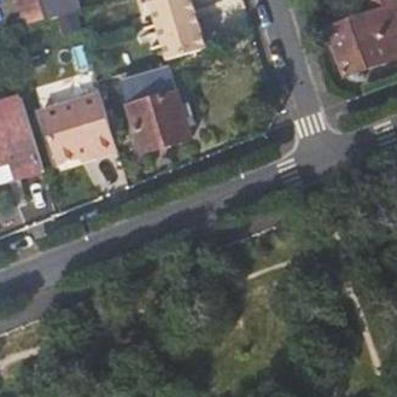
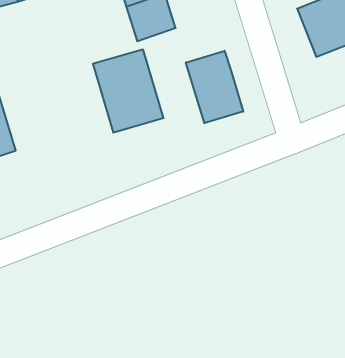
building: none -> [186,51,243,123]
building: [41,94,117,163] -> none

